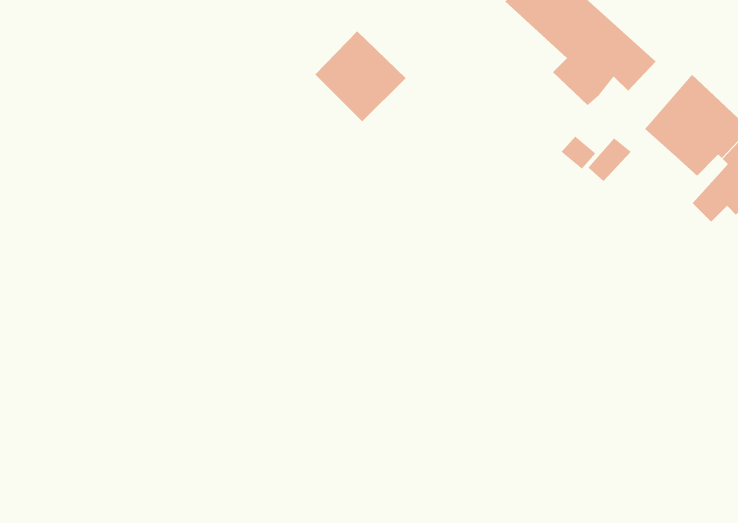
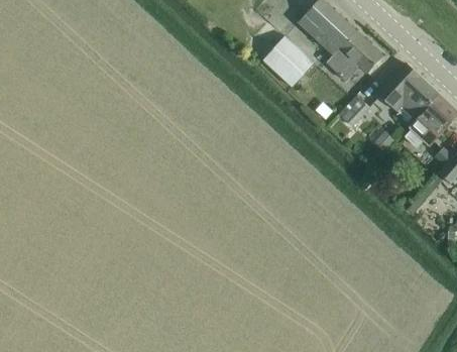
building: [315,30,406,122] -> [263,34,316,87]

